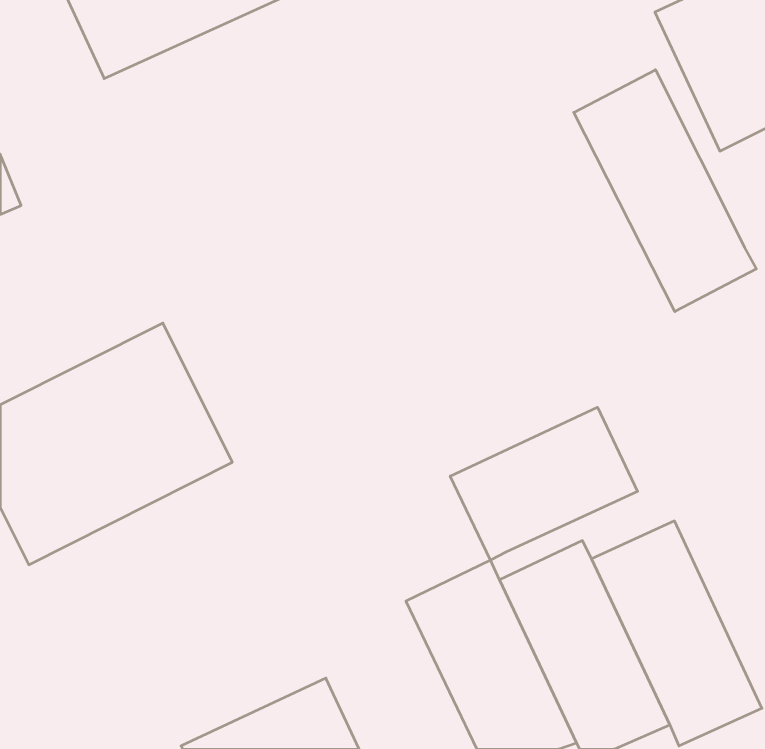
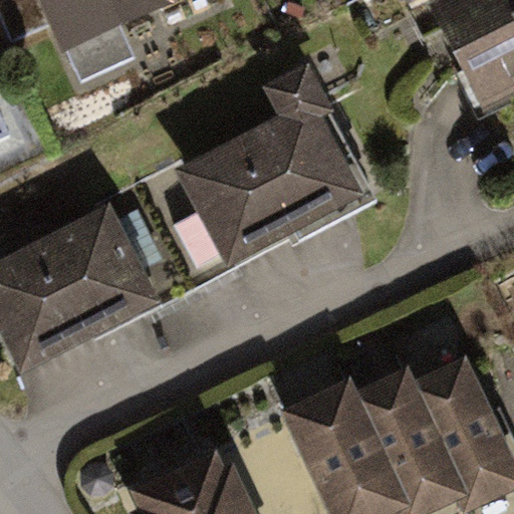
building: [574,70,756,312] -> none
building: none -> [181,106,362,267]
building: [450,407,638,560] -> none

